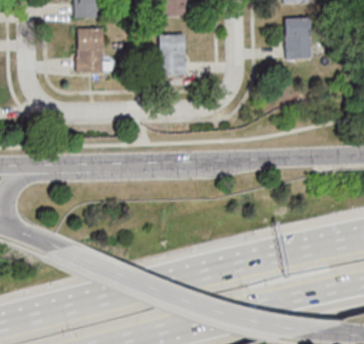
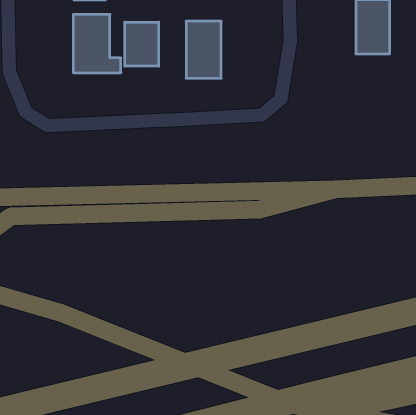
building: none -> [125,22,159,66]

